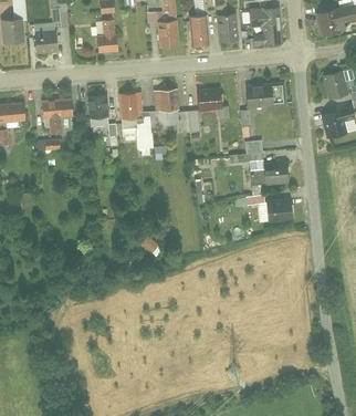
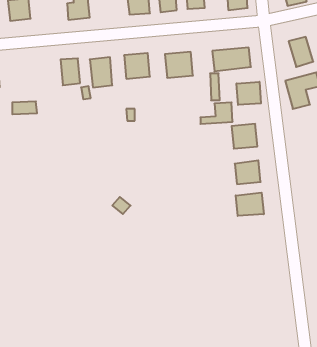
building: [41,94,73,134] -> none
building: none -> [237,82,261,105]
building: none -> [236,193,264,216]

